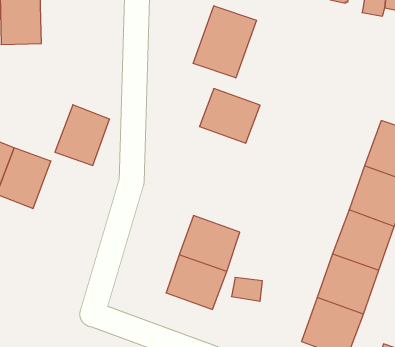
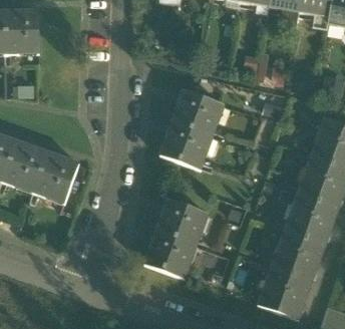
building: [193,6,257,78] -> none
building: [55,105,110,165] -> [32,151,78,203]
building: none -> [160,122,212,169]

